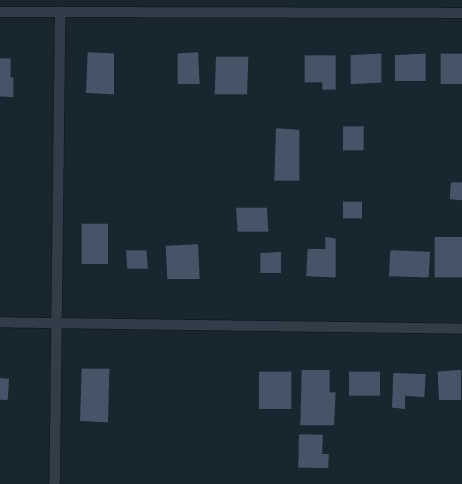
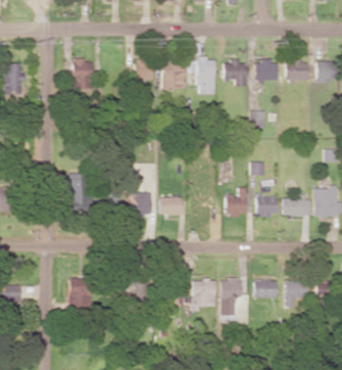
building: [274,128,300,181] -> [197,57,215,94]
building: [235,207,269,232] -> [158,197,182,215]
building: none -> [256,195,277,217]
building: [298,434,329,469] -> none

